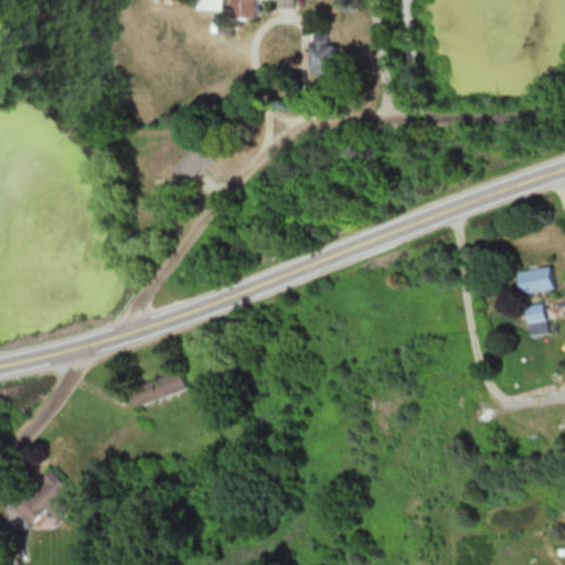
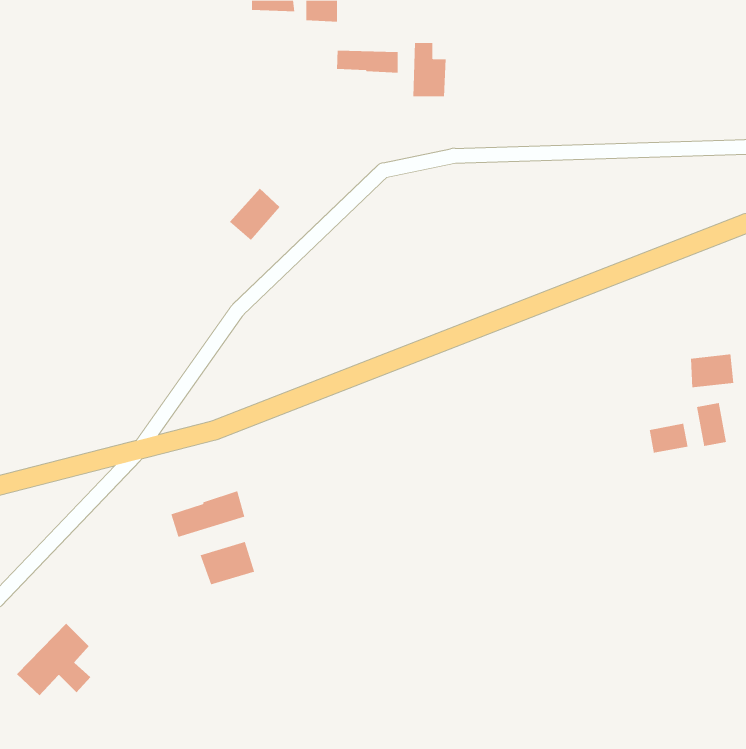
building: none -> [336,50,398,74]
building: none -> [649,423,688,453]
building: none -> [200,541,255,585]

